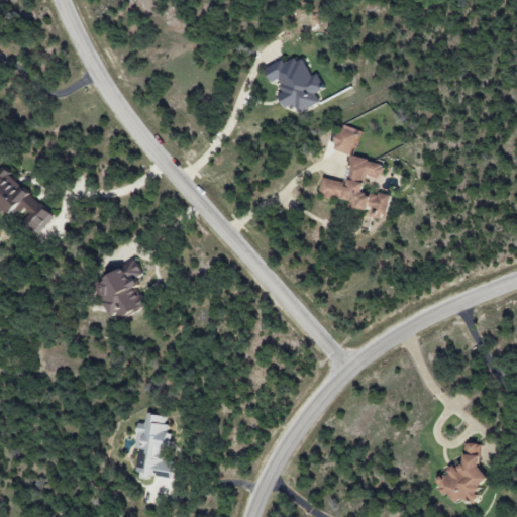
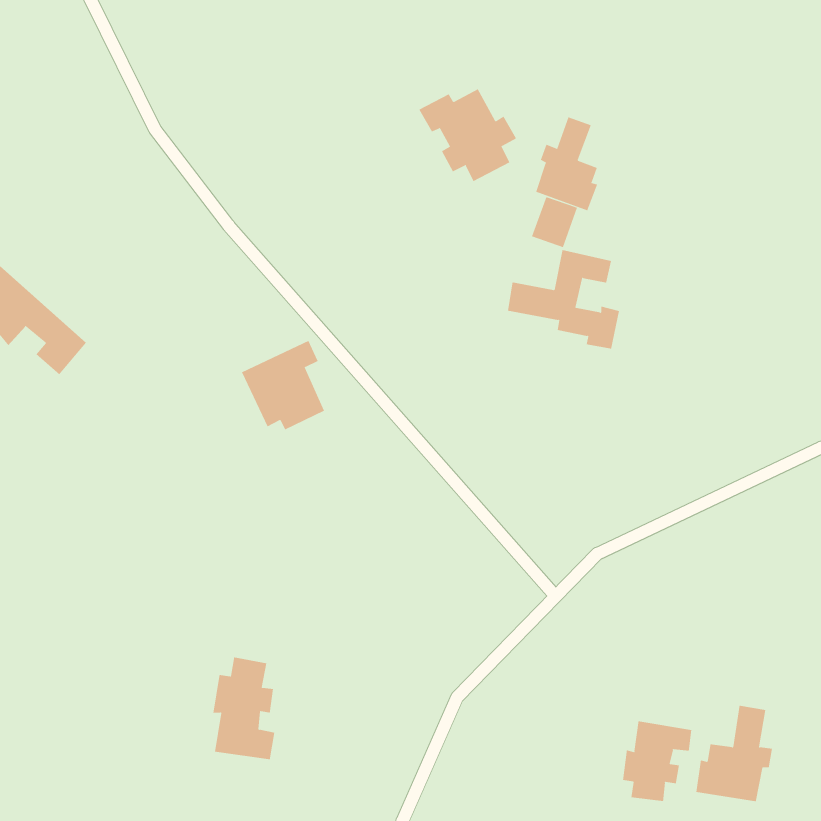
building: none -> [536,116,598,211]
building: [94,261,146,317] -> [241,340,325,430]
building: none -> [622,721,692,802]

